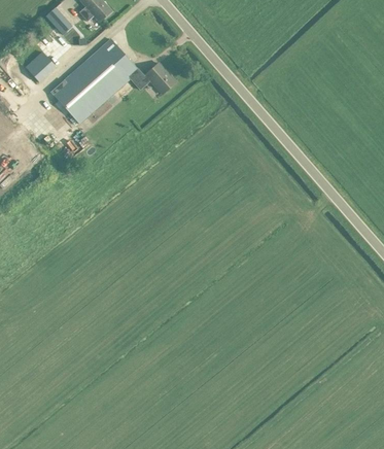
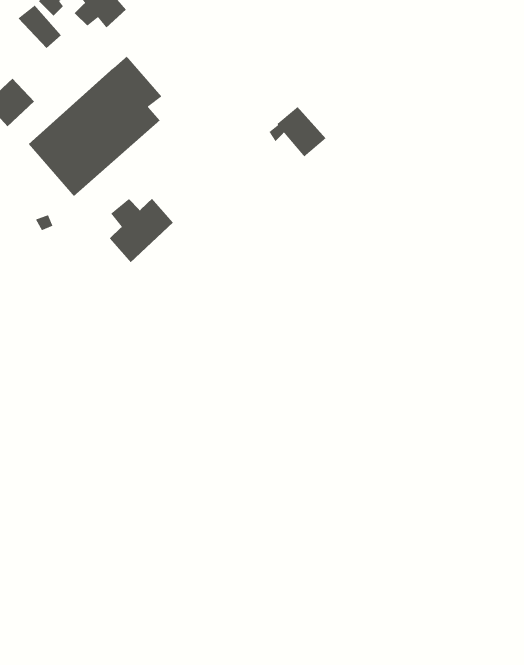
building: [141,63,176,94] -> [268,106,326,157]
building: none -> [109,198,174,263]

